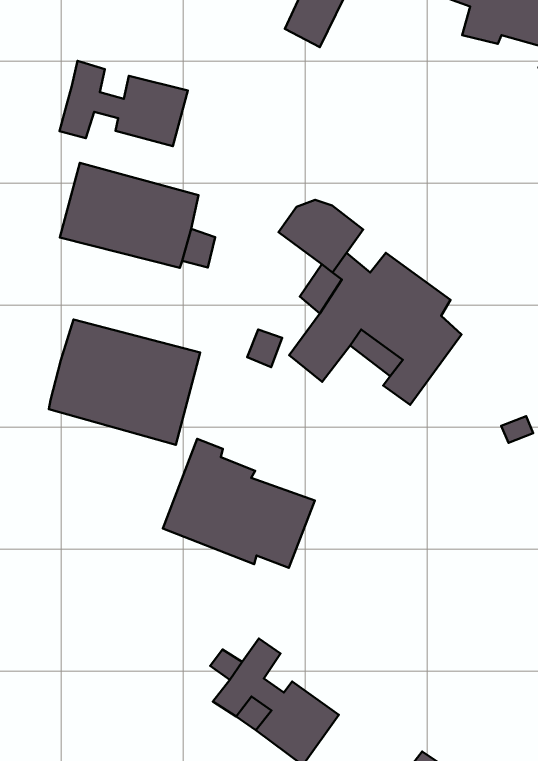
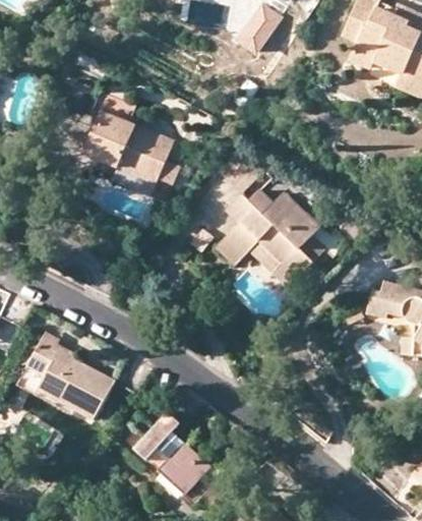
building: [59,61,188,146] -> none
building: [49,319,200,445] -> none
building: [163,439,315,568] -> [21,337,118,424]

